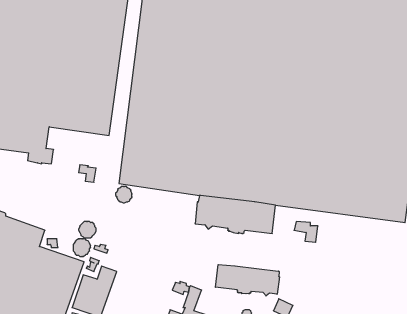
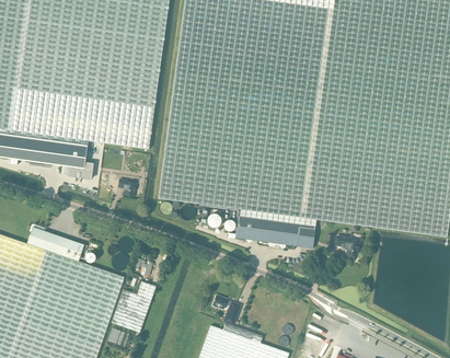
building: [215,265,280,296] -> none

